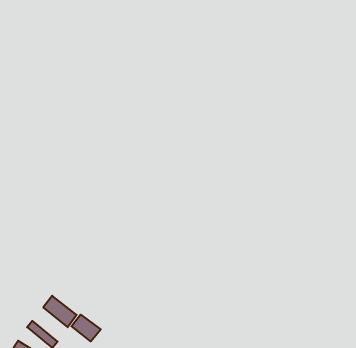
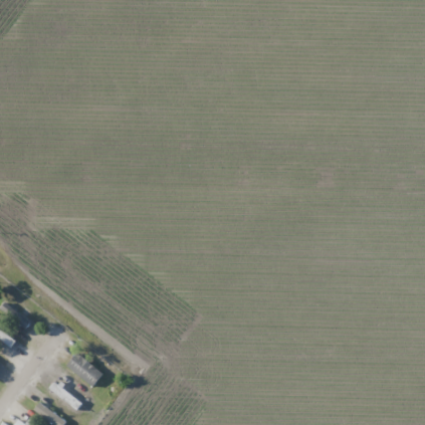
building: [71,315,101,341] -> none

